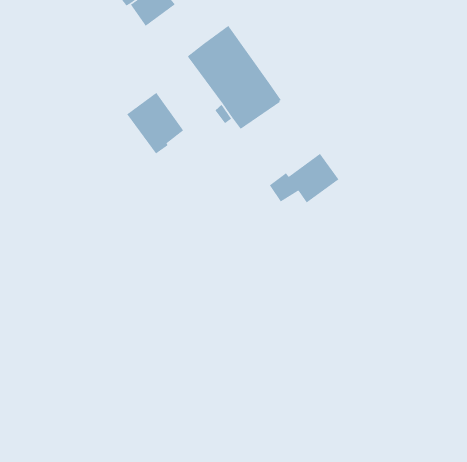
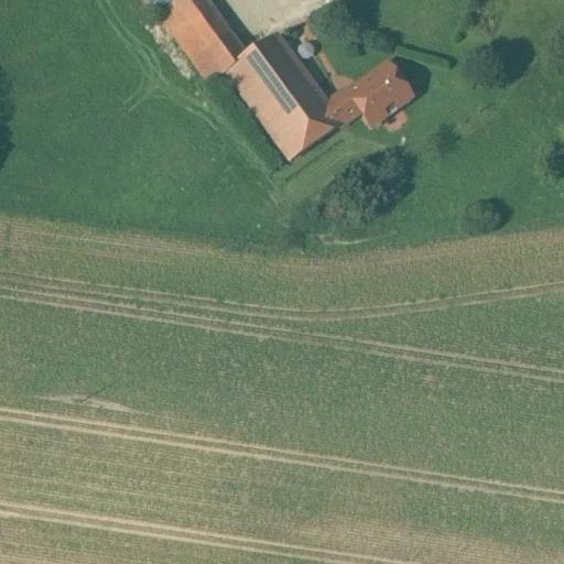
building: [126,92,184,155] -> [178,6,248,80]
building: [269,153,340,204] -> [327,61,412,121]

